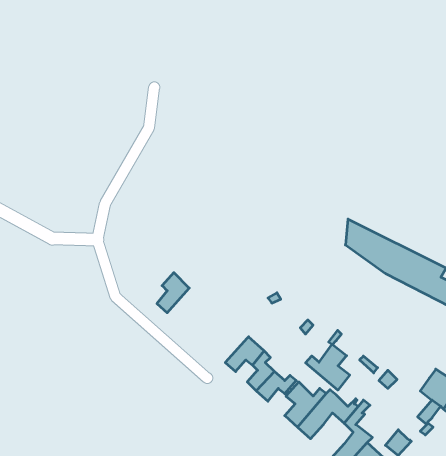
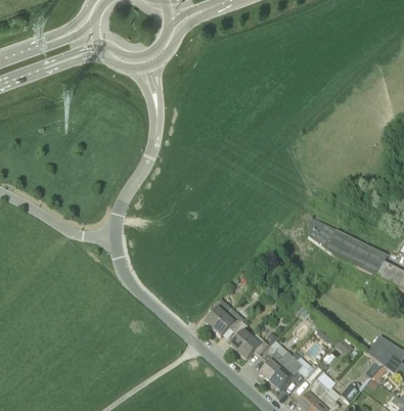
building: [157,273,189,313] -> [206,298,231,329]
building: [306,344,350,390] -> none

